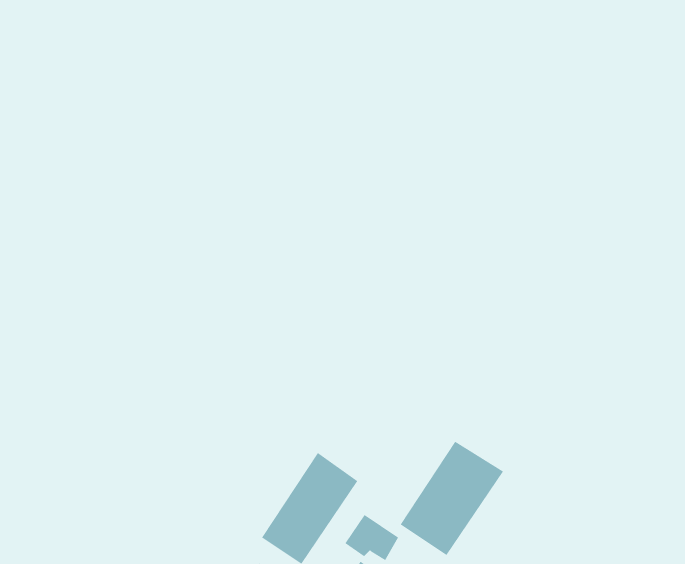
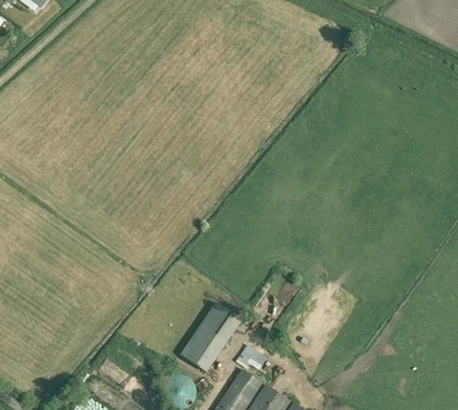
building: [400,441,504,556] -> none

